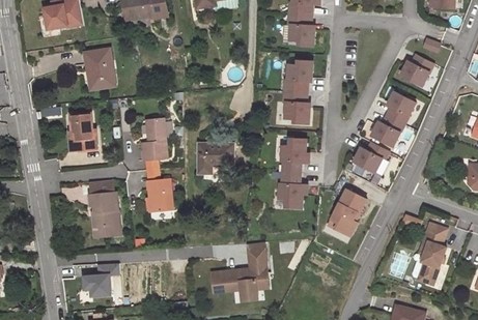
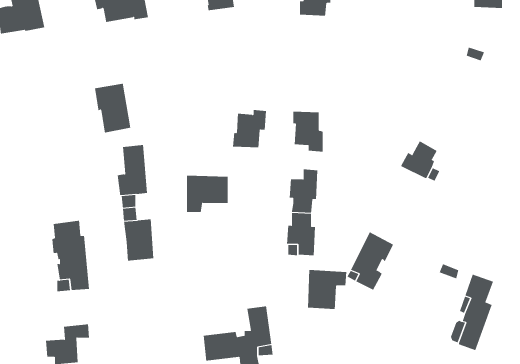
building: [288,13,314,46] -> none
building: [85,49,115,89] -> [94,83,131,133]
building: [401,55,430,86] -> none
building: [284,61,312,92] -> [232,109,267,148]
building: [387,91,415,123] -> none
building: [68,113,97,151] -> none
building: [354,142,386,172] -> none
building: none -> [308,269,347,310]

